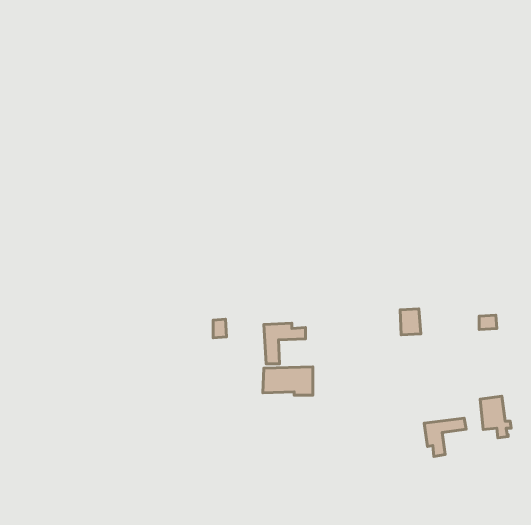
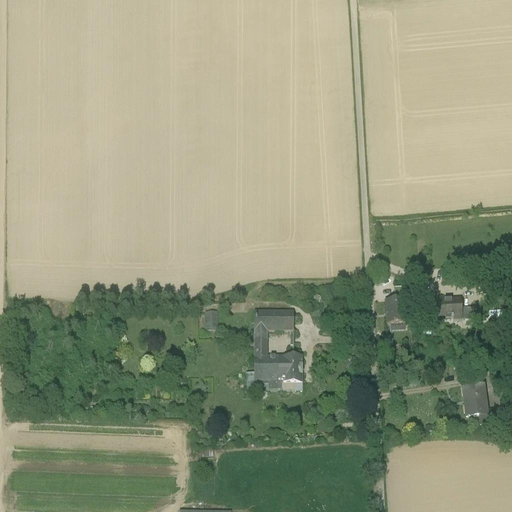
building: none -> [434,296,461,317]
building: [424,418,466,457] -> none

